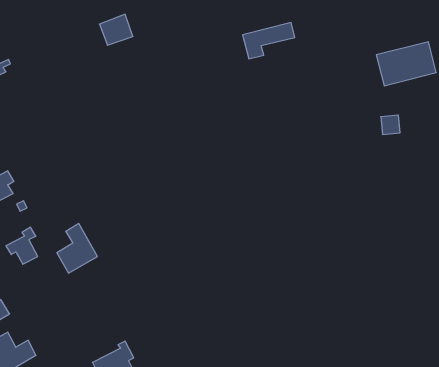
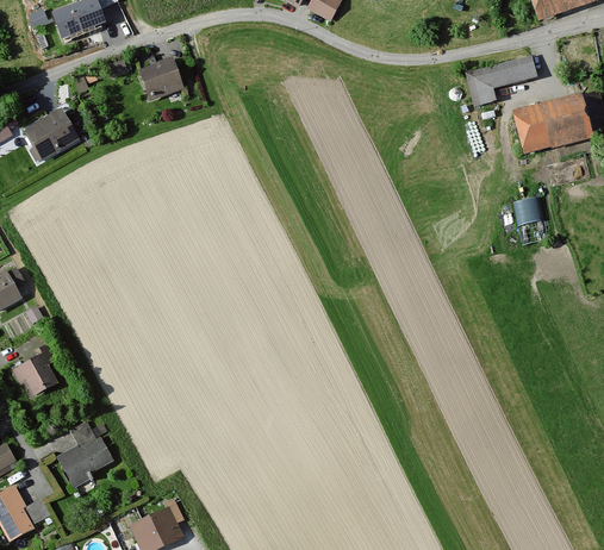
building: [243,23,295,59] -> [465,55,535,104]
building: none -> [25,108,80,160]
building: [57,224,97,273] -> [57,417,112,483]

